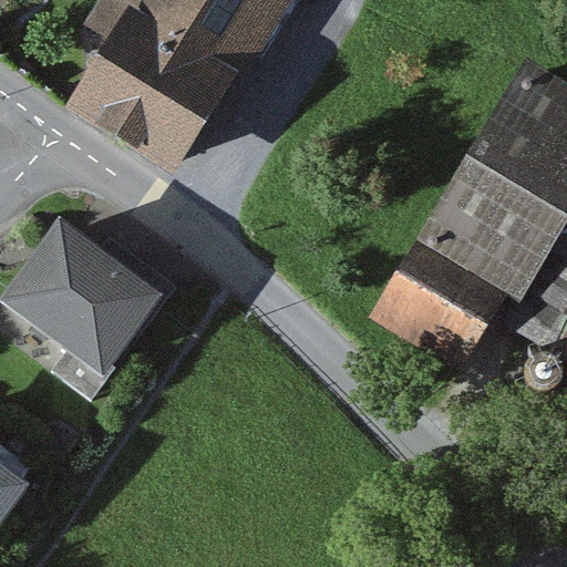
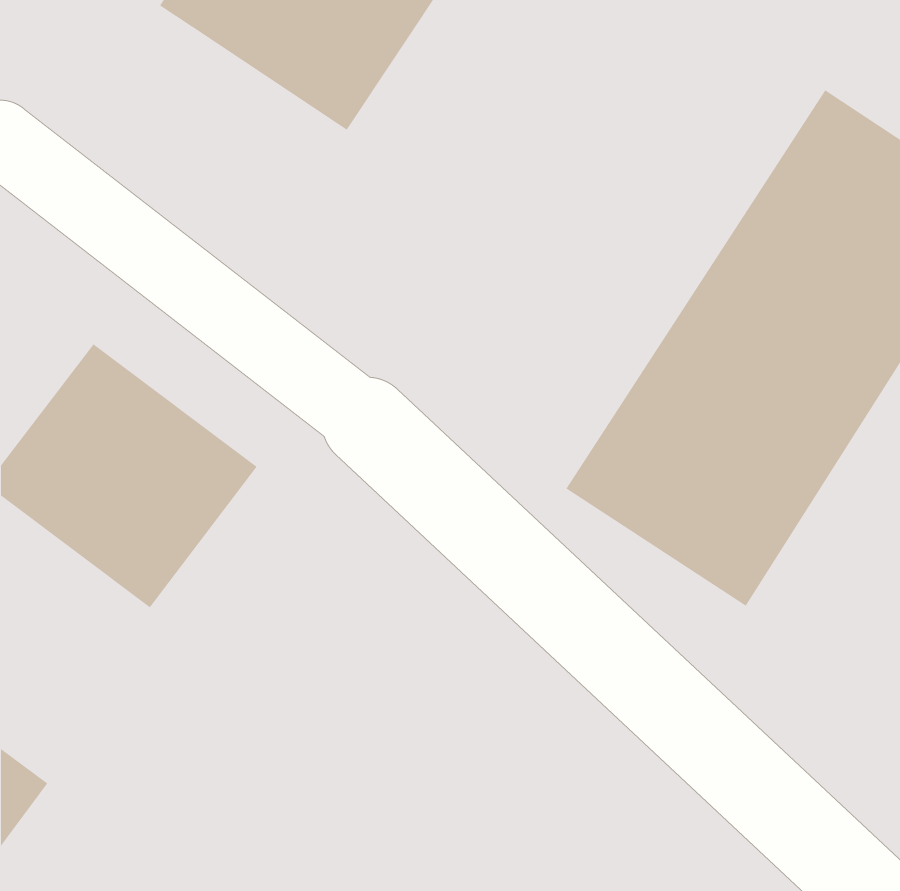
building: [65,17,234,181] -> none

